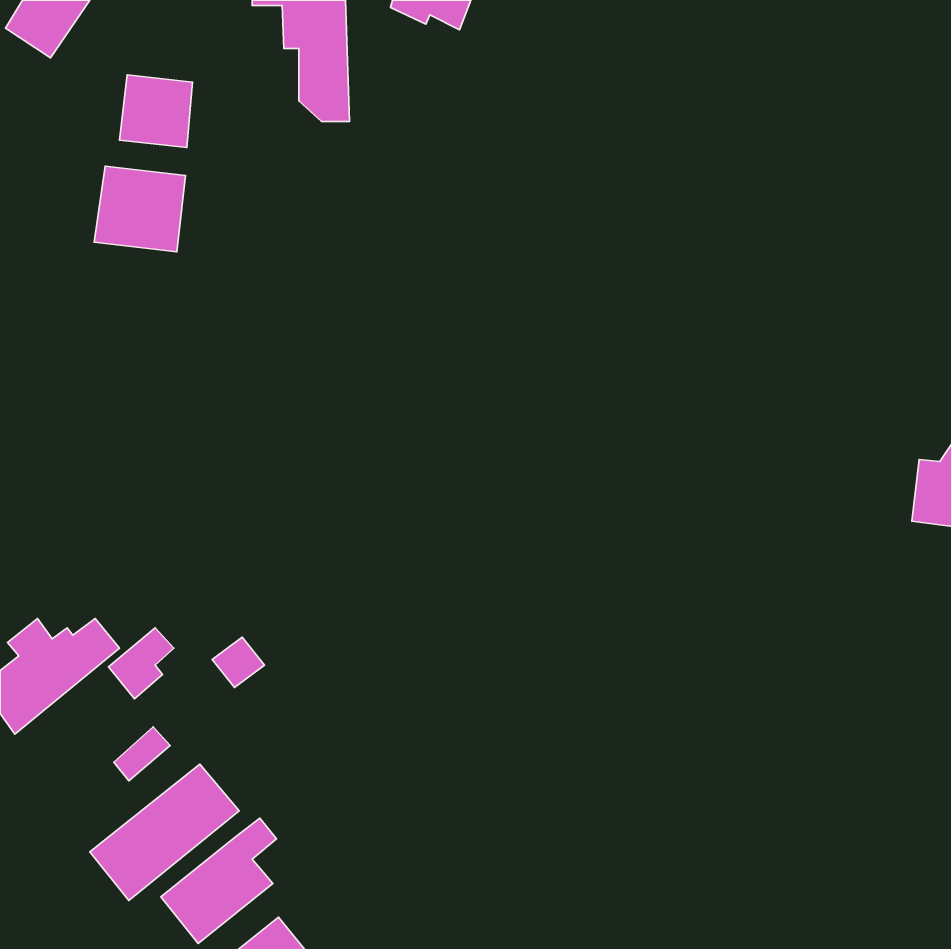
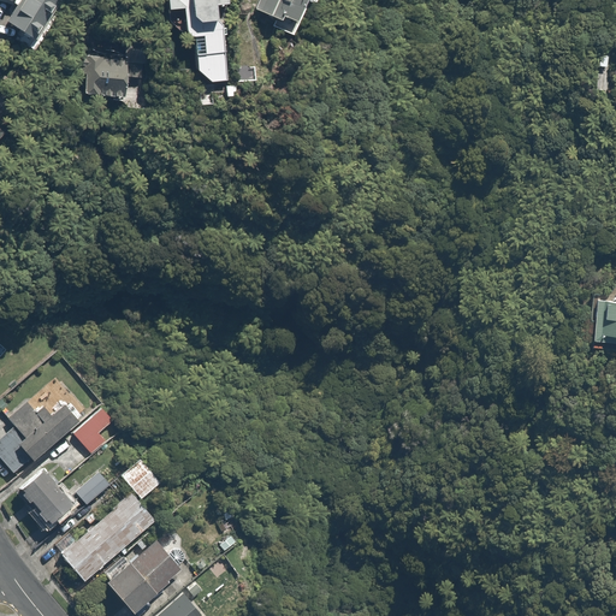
building: [94,166,185,252] -> none
building: [212,637,264,688] -> [125,466,159,498]
building: none -> [18,466,72,522]

